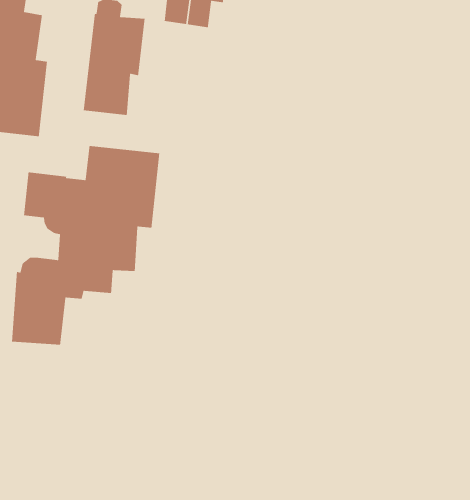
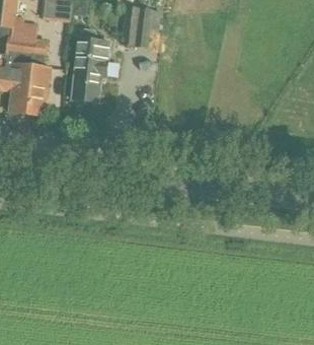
building: [11,145,160,346] -> none

